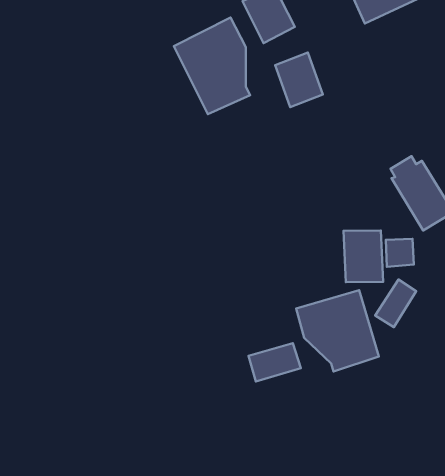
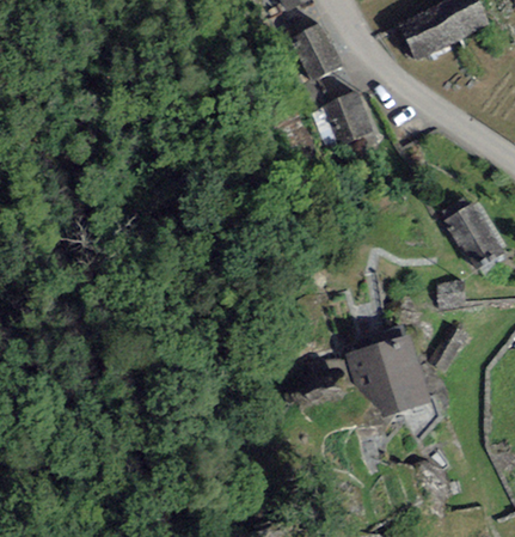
building: [174,18,250,114] -> none
building: [344,230,383,282] -> none
building: [249,343,301,382] -> none

